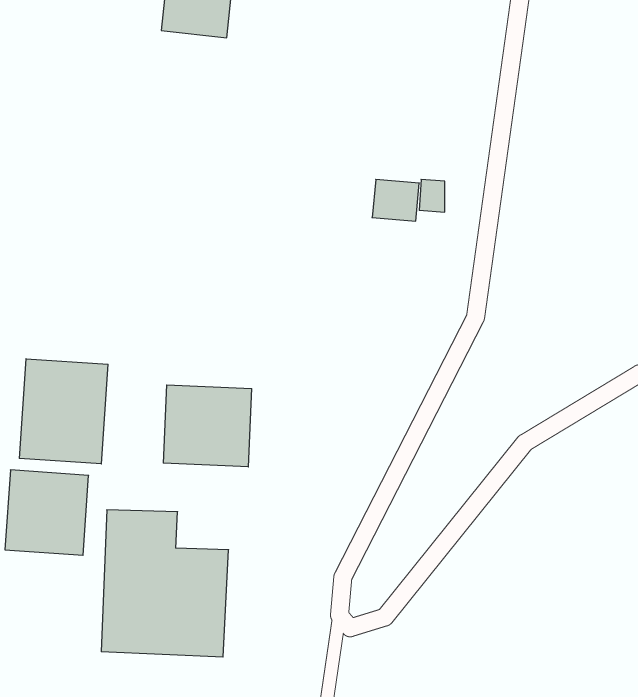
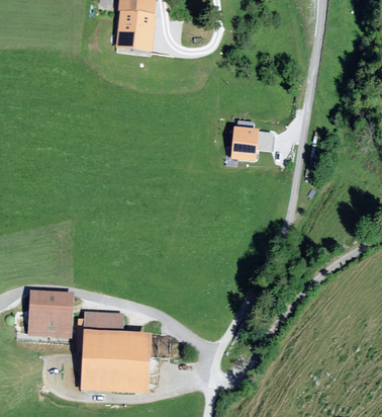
building: [19,359,108,464] -> none
building: [163,385,252,467] -> none

